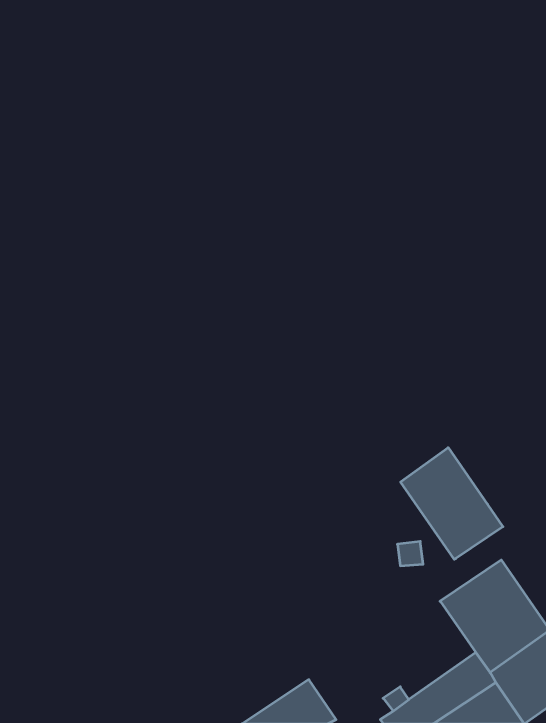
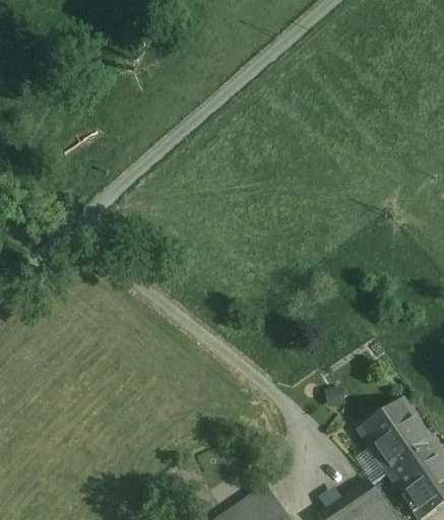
building: [401,448,503,559] -> none

